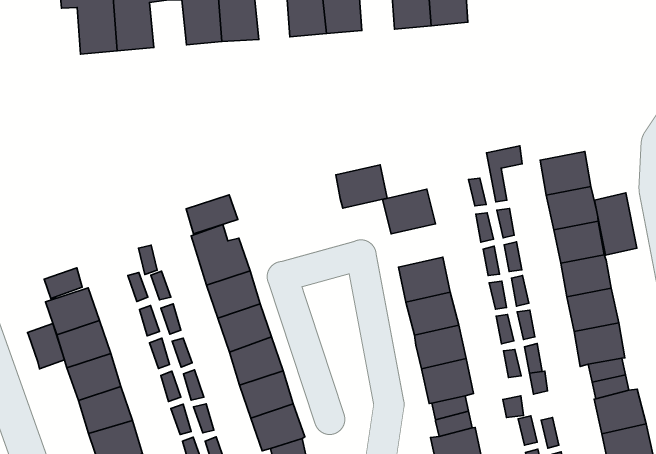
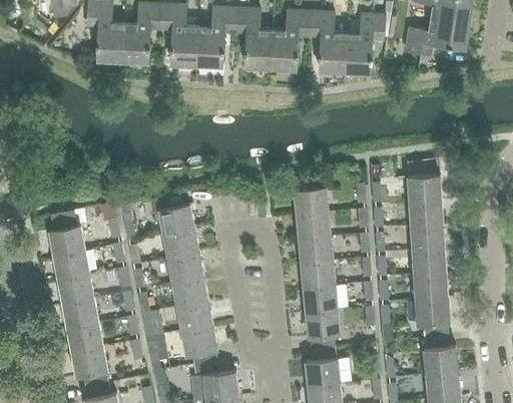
building: [336,165,387,208] -> [297,211,331,238]
building: [595,193,637,255] -> none
building: [186,195,238,234] -> none
building: [28,324,65,369] -> none

